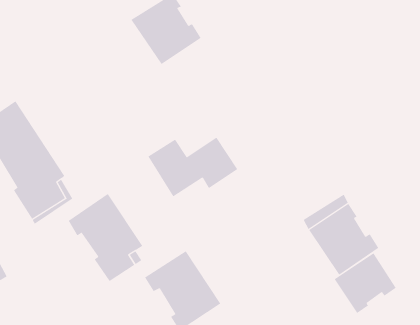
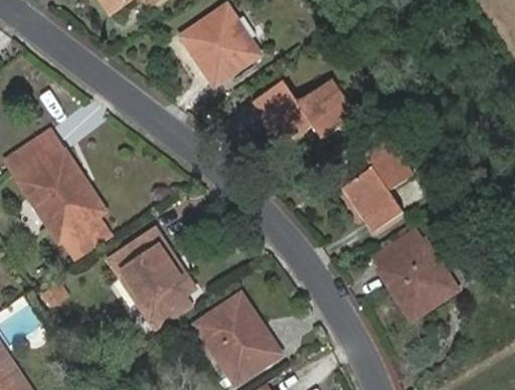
building: none -> [343,138,411,229]
building: [148,137,238,197] -> [252,78,354,146]
building: [334,252,396,314] -> none

